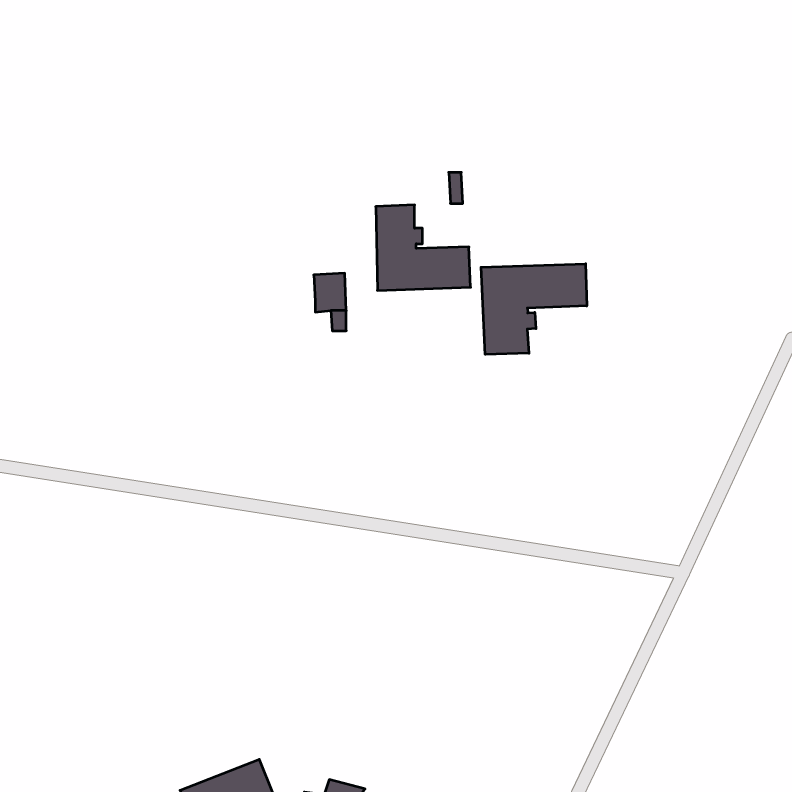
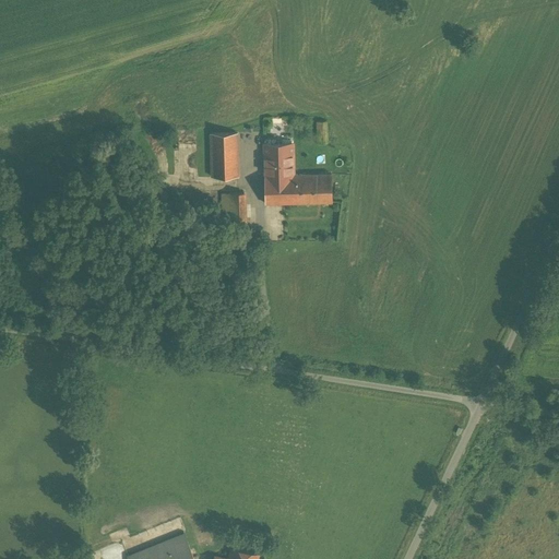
building: none -> [210,133,237,178]
building: [481,264,587,354] -> none

